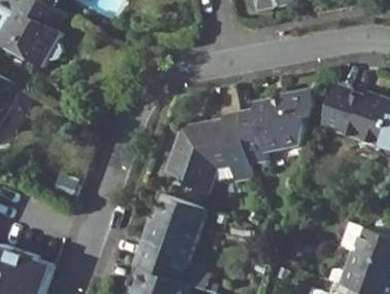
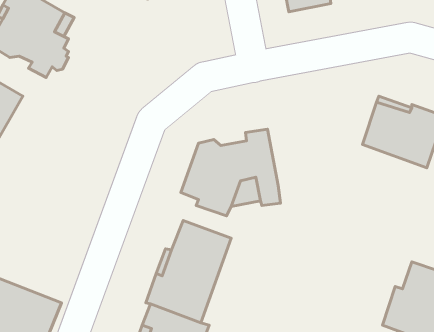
building: [238,91,312,163] -> none

